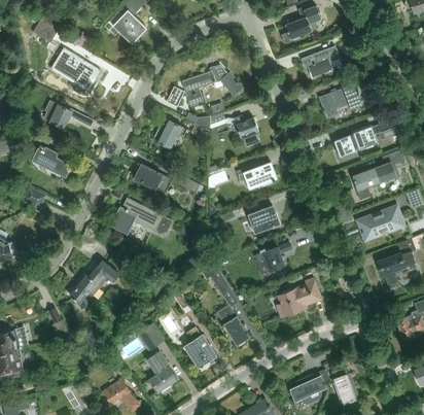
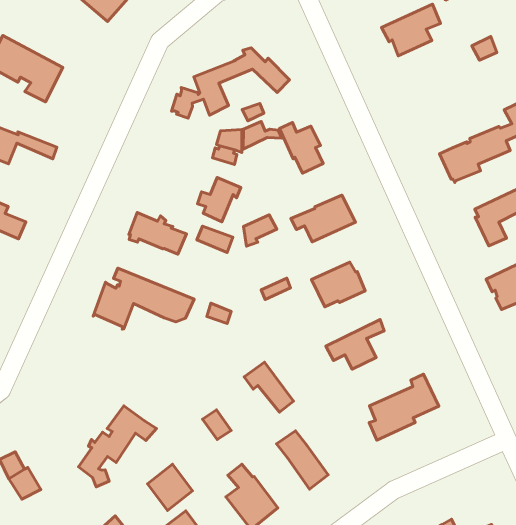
building: [319,85,360,117] -> none
building: [155,120,183,148] -> [197,178,241,222]
building: [70,260,120,309] -> [78,406,157,487]

